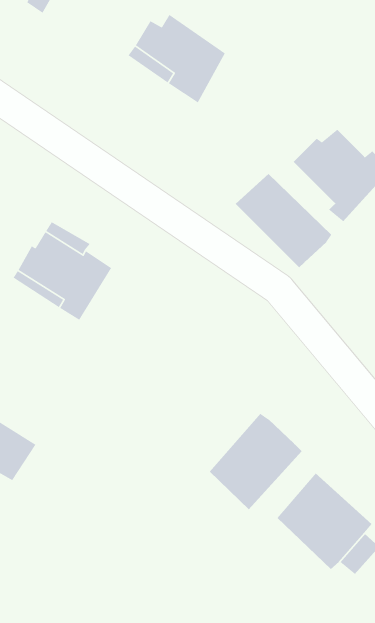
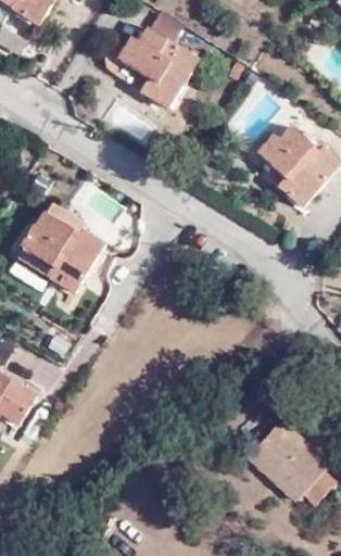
building: [235,173,332,268] -> none
building: [209,413,302,510] -> none

